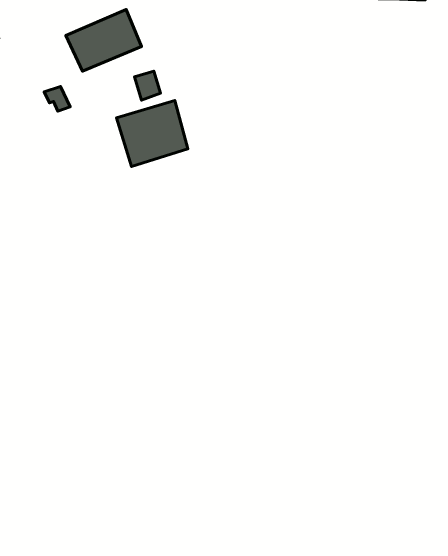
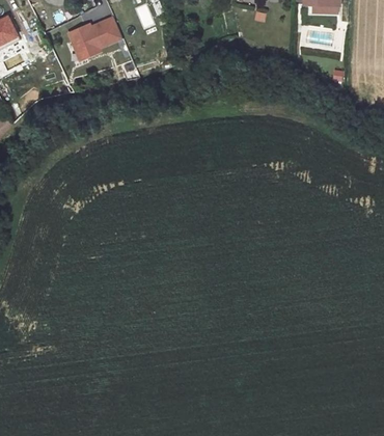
building: [116,101,188,166] -> none

